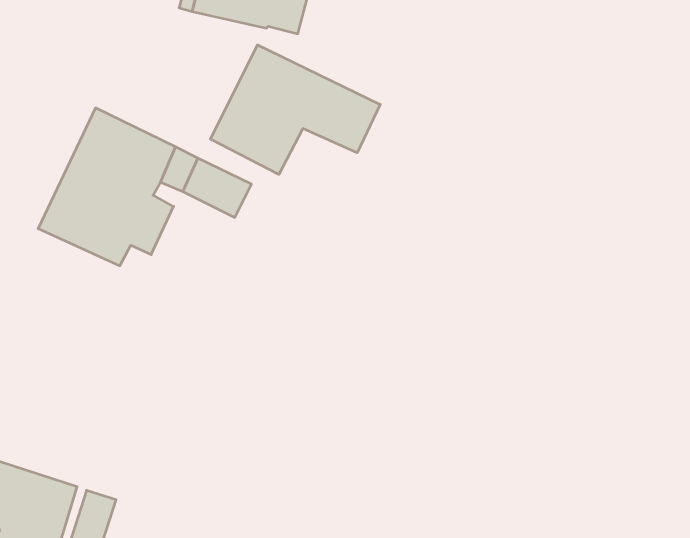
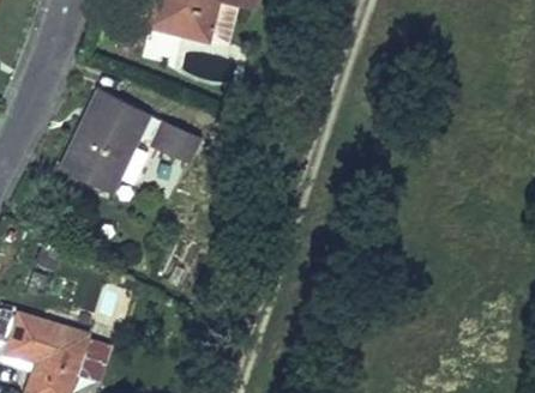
building: [210,45,380,174] -> none

